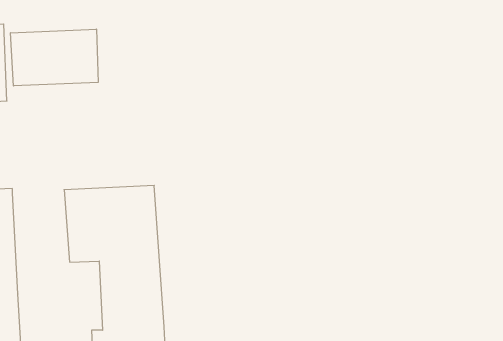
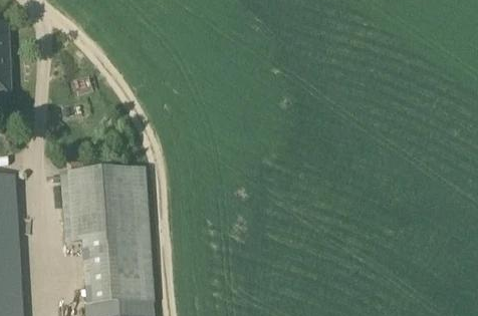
building: [11,29,98,86] -> none

